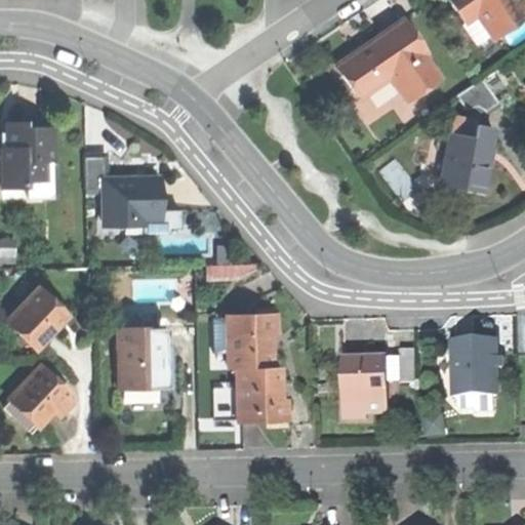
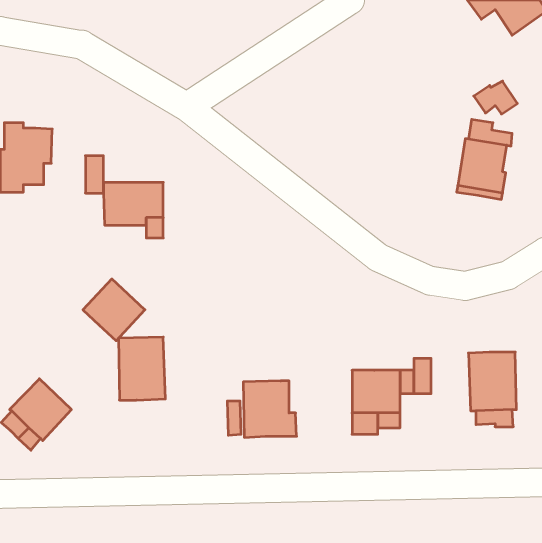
building: [338,19,439,99] -> none
building: [9,284,69,344] -> [83,279,145,341]
building: [227,312,278,369] -> none

